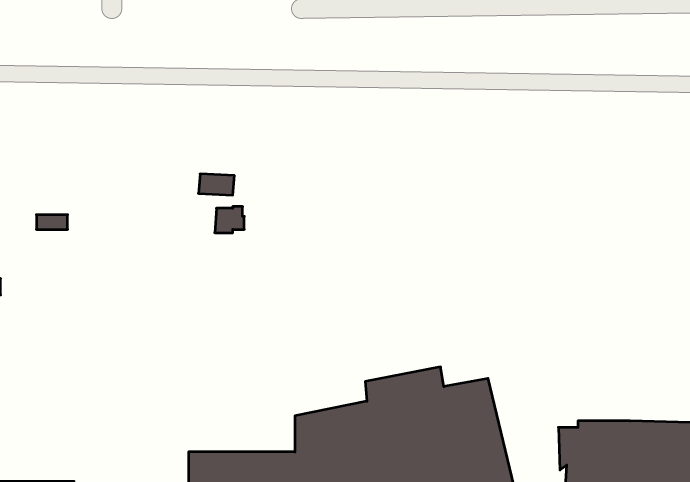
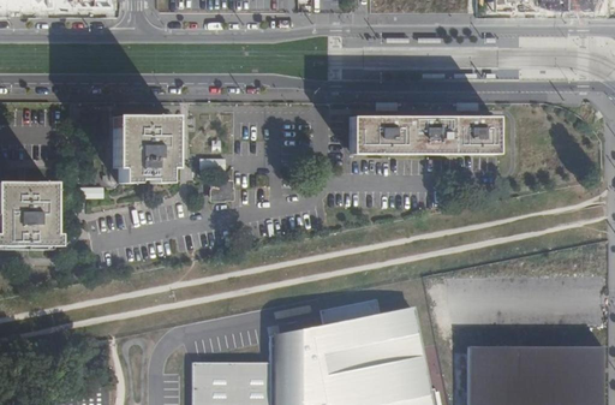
building: none -> [114,117,172,184]
building: none -> [353,119,498,156]

